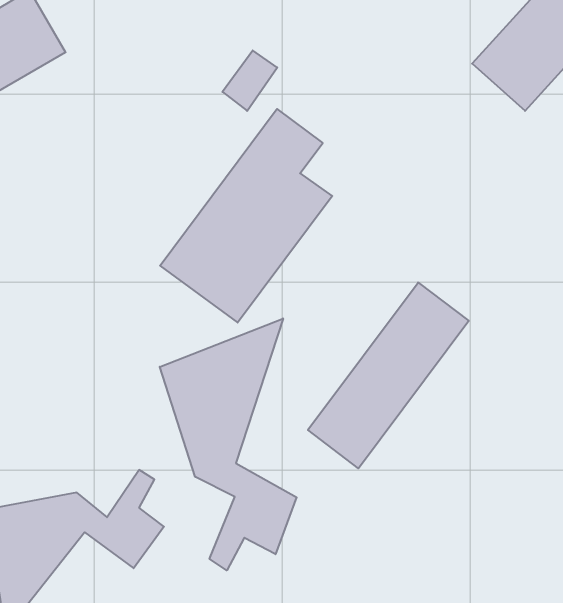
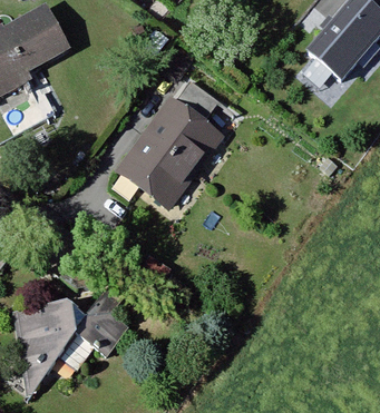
building: [308,282,469,468] -> none
building: [160,318,297,570] -> none

